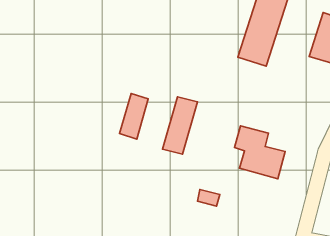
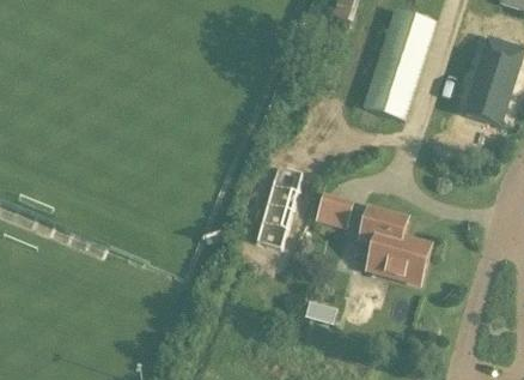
building: [120,93,148,139] -> none
building: none -> [316,189,354,227]

